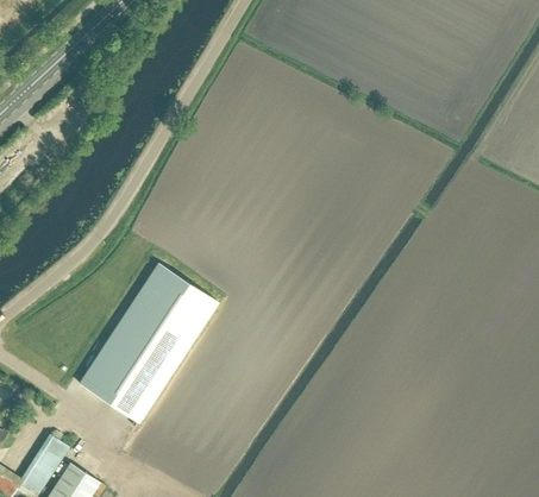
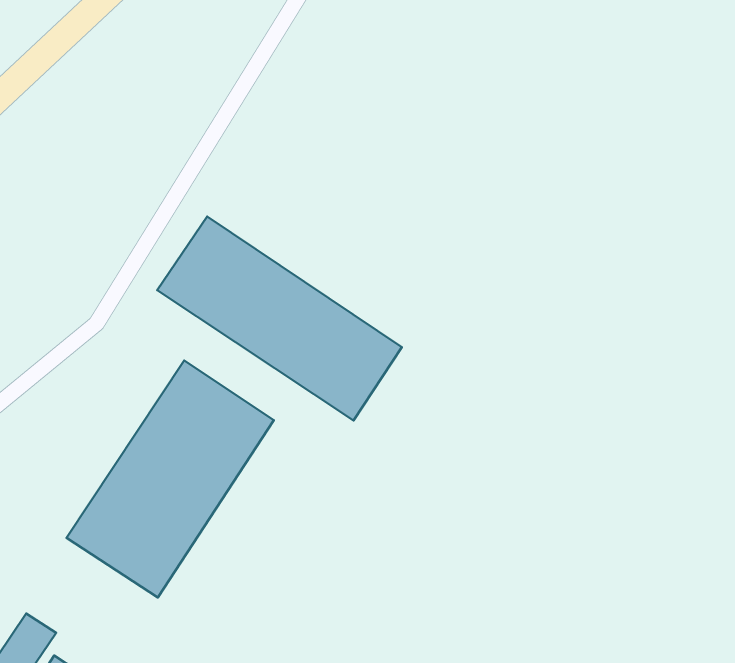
building: none -> [157,216,402,420]

